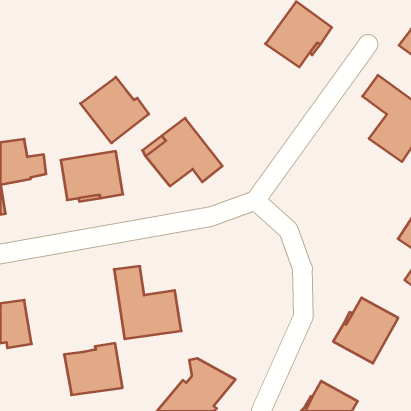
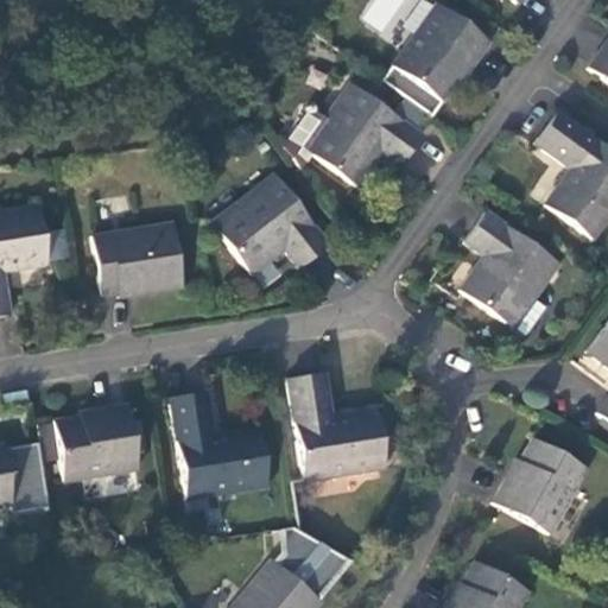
building: none -> [284,82,430,184]
building: [80,77,149,143] -> none
building: none -> [461,209,560,335]
building: none -> [287,370,387,479]
building: [64,343,122,395] -> [55,403,140,479]

